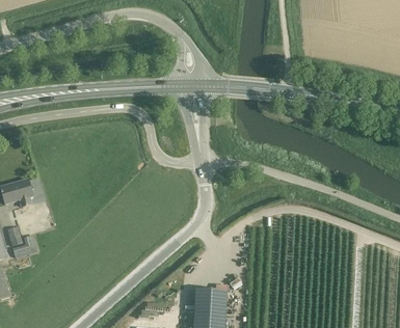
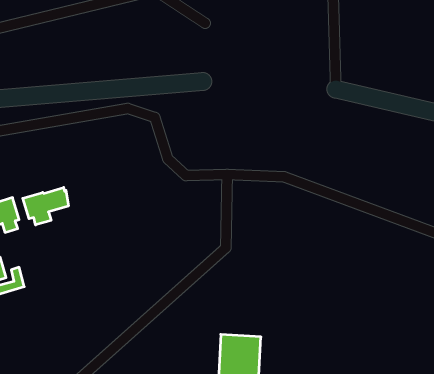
building: none -> [23,187,68,225]

